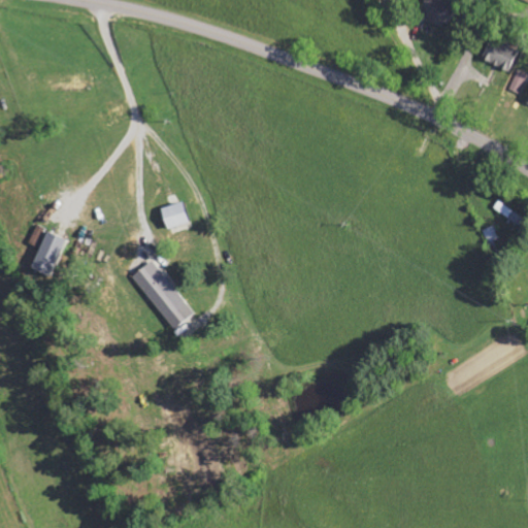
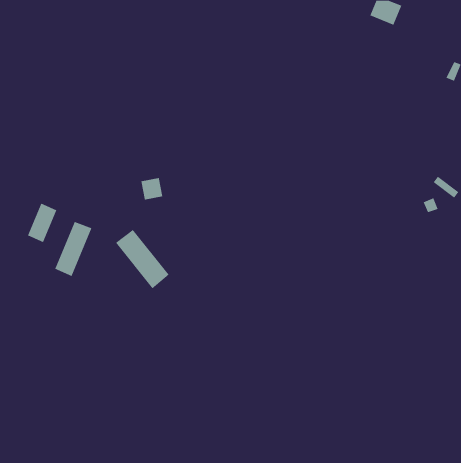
building: [483,38,518,70] -> none
building: none -> [54,221,92,277]

